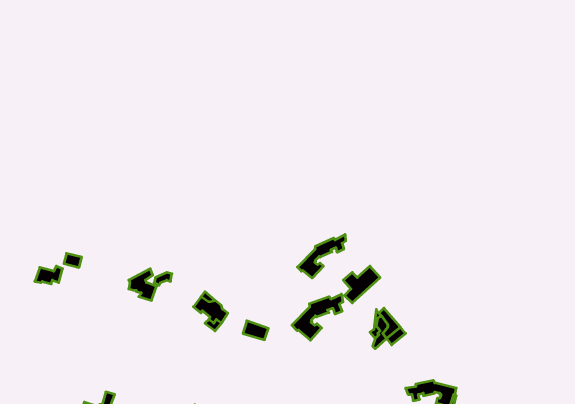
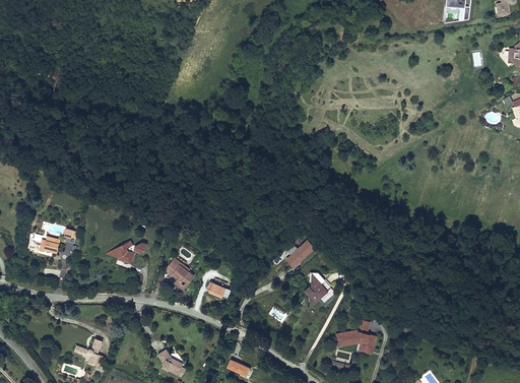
building: [297,234,346,278] -> none
building: [292,294,343,340] -> none

